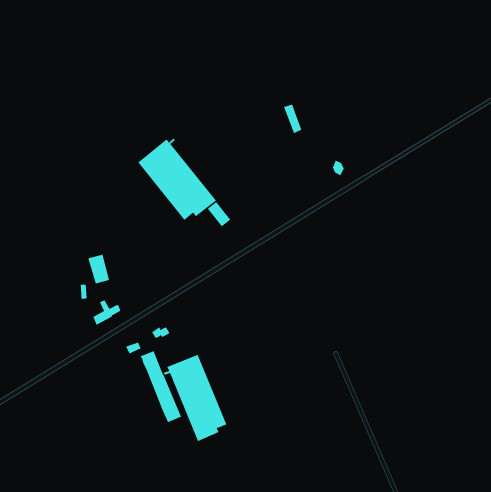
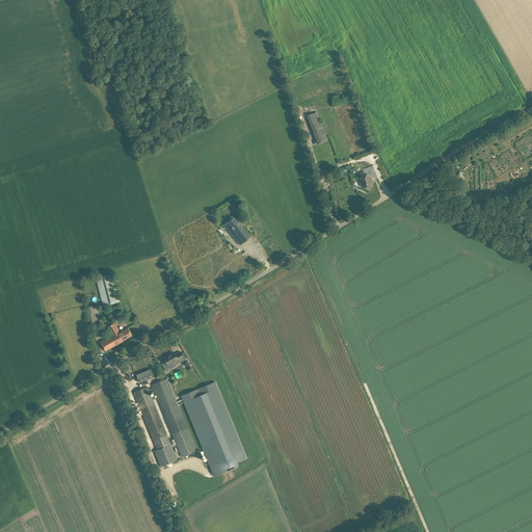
building: [138,137,217,221] -> none
building: none -> [133,387,177,467]

